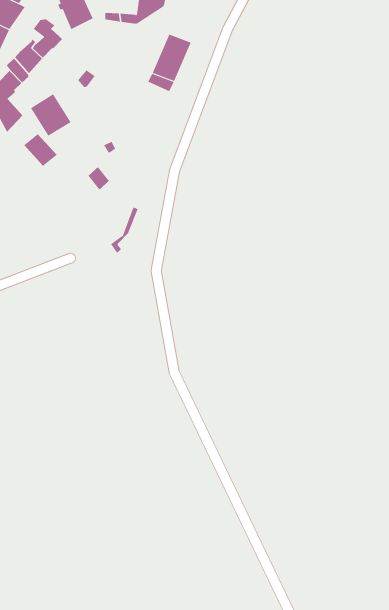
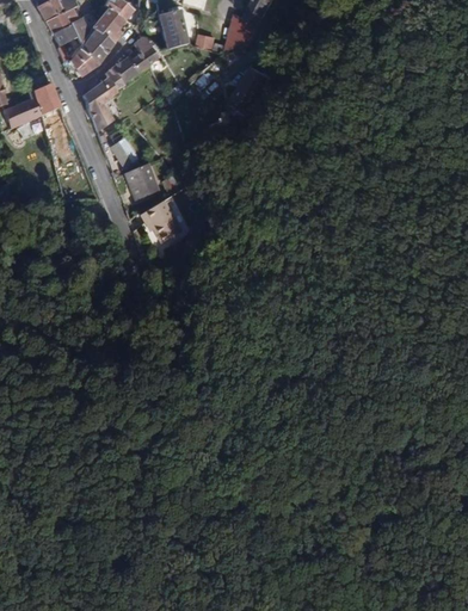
building: [30,94,71,136] -> [125,161,160,198]
building: none -> [140,198,181,241]

